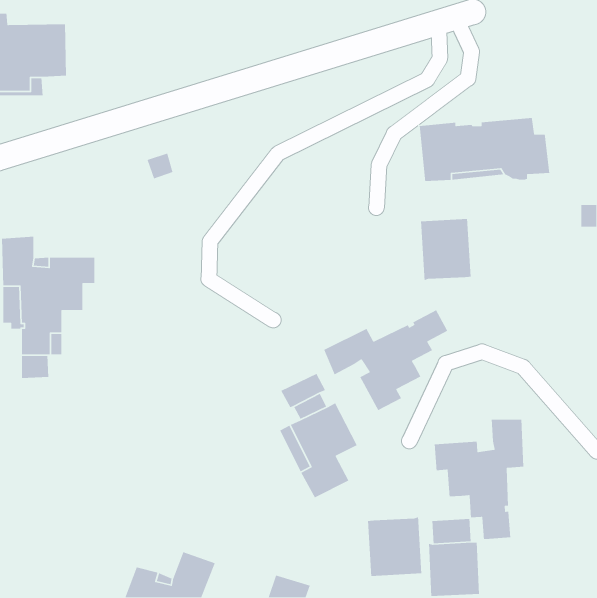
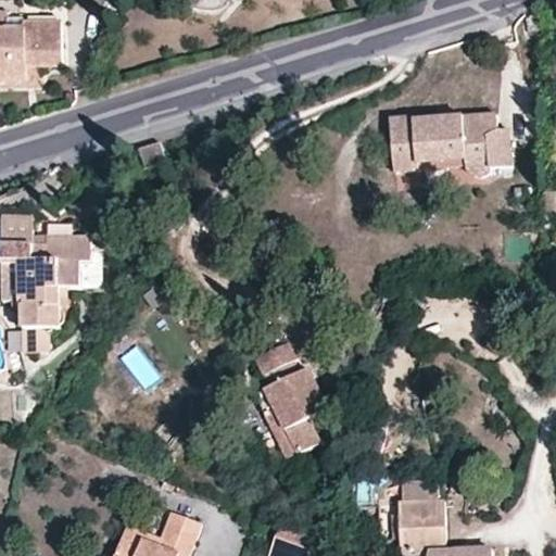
building: [420,218,471,281] -> none
building: [323,309,448,411] -> none
building: [434,419,524,540] -> none
building: [367,516,422,577] -> none

